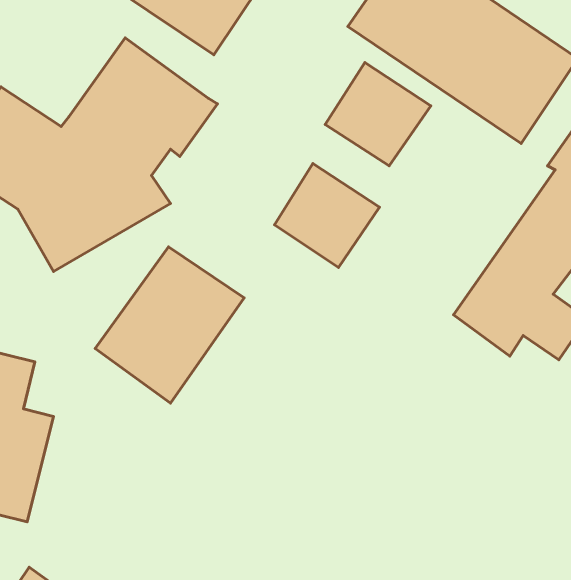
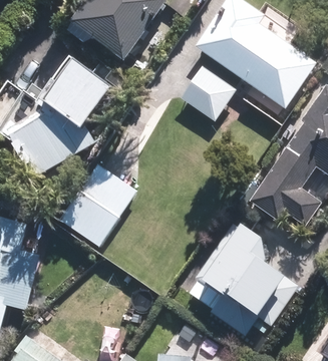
building: [274,163,379,267] -> none
building: none -> [197,219,295,327]

